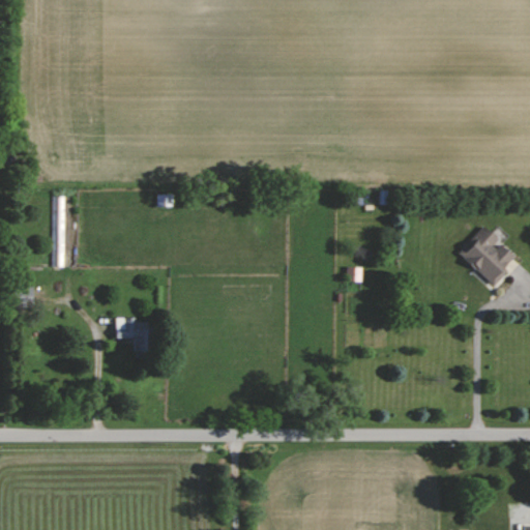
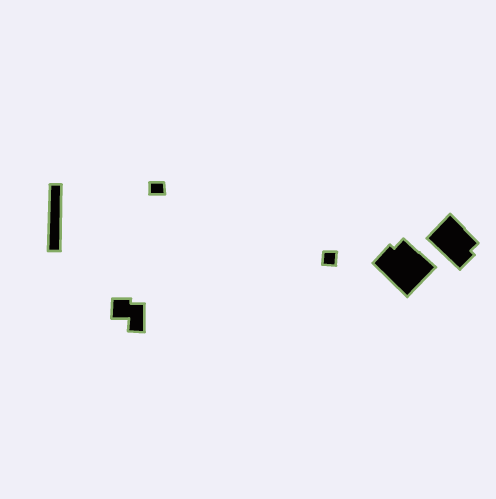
building: none -> [373,239,436,297]

